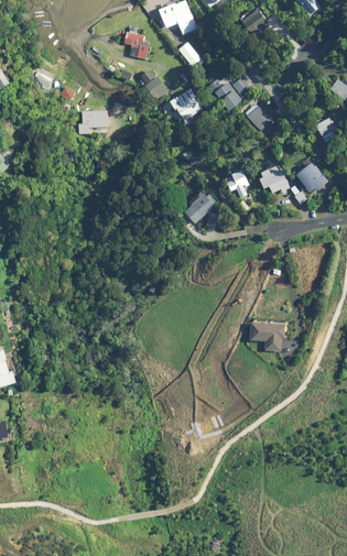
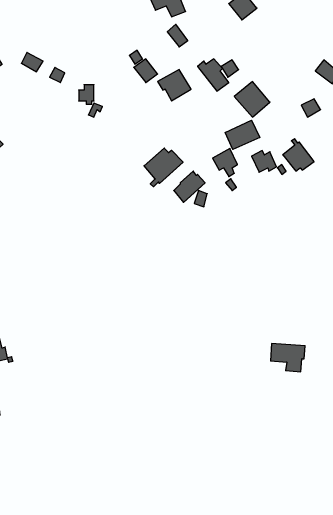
building: [123,25,147,58] -> none
building: none -> [225,120,260,149]
building: none -> [144,148,183,187]
building: [249,323,284,351] -> [271,344,305,372]

